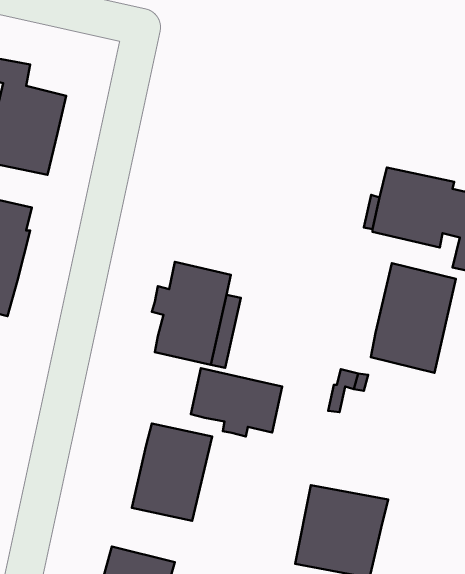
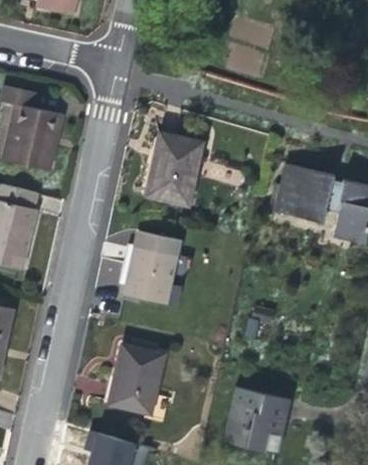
building: none -> [146,134,201,206]
building: [371,263,456,373] -> none
building: [191,368,282,436] -> none

